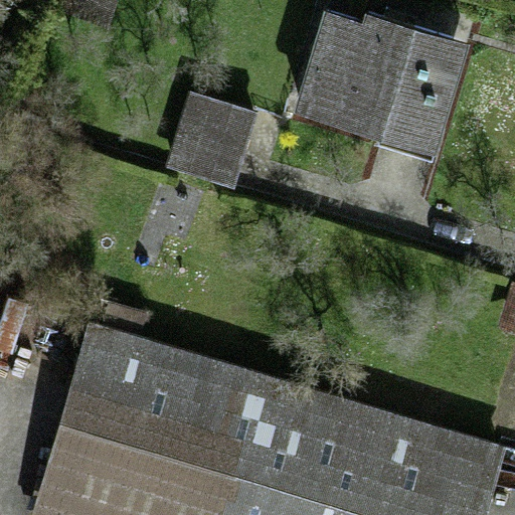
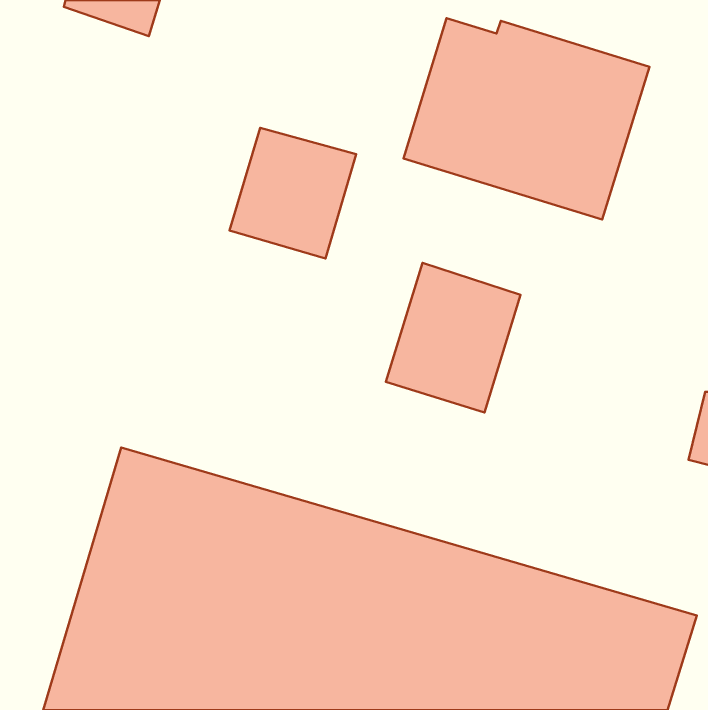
building: none -> [386,263,520,413]

